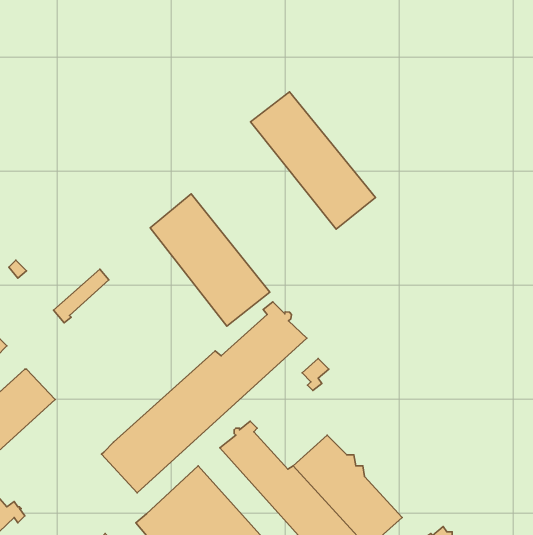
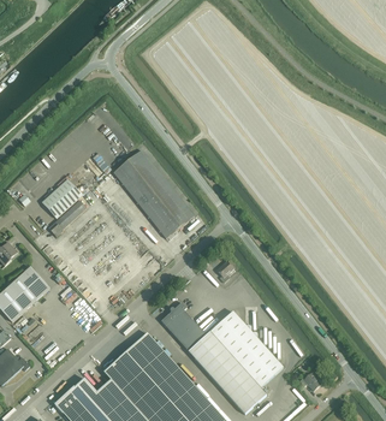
building: [250,92,376,229] -> none
building: none -> [41,179,82,218]
building: [101,302,307,493] -> none

